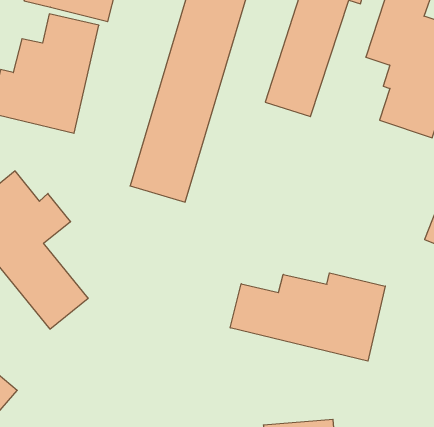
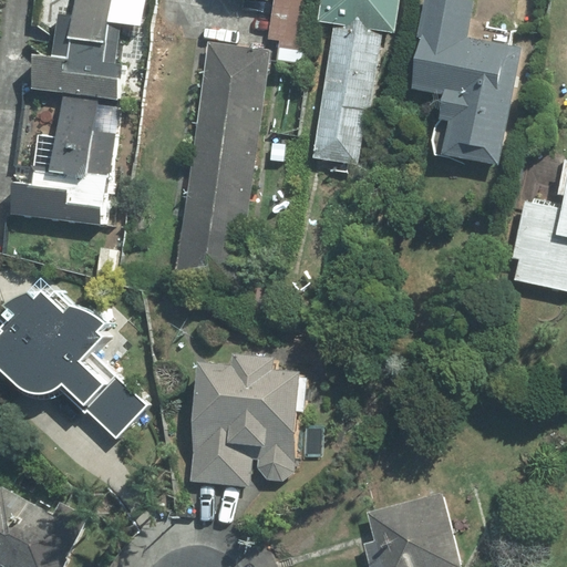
building: none -> [186,350,306,488]
building: [230,273,385,361] -> none

